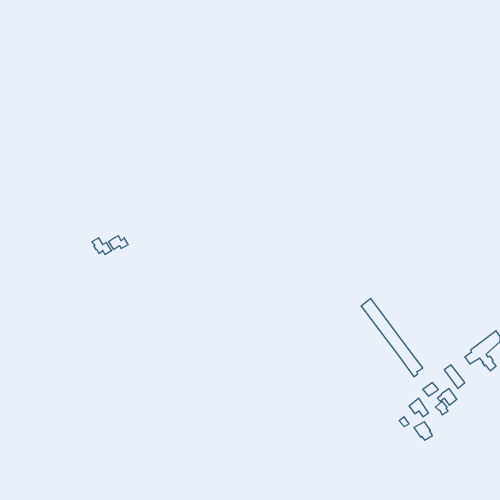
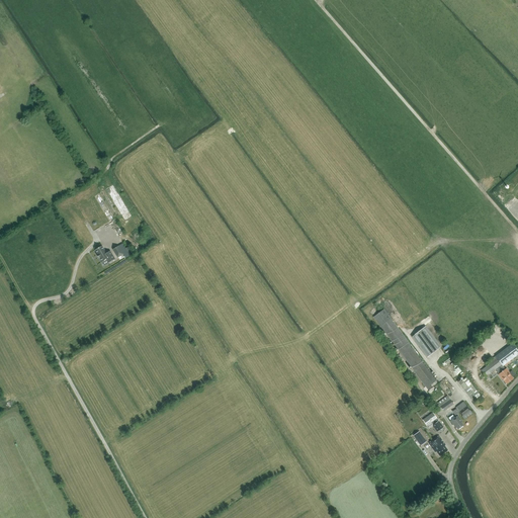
building: none -> [413,328,440,356]

